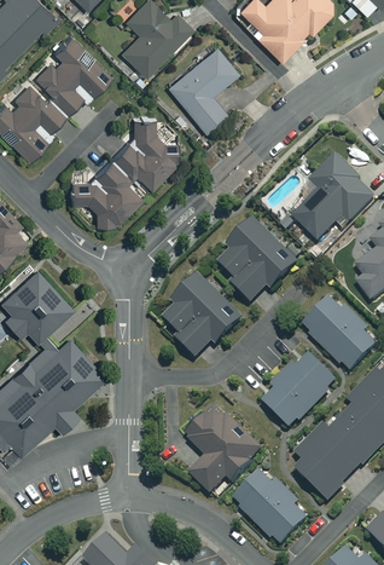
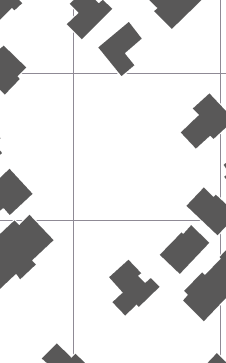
building: [34,35,104,110] -> none
building: [60,117,180,236] -> none
building: [219,218,299,302] -> none
building: [163,272,235,357] -> none
building: [232,471,307,546] -> none

